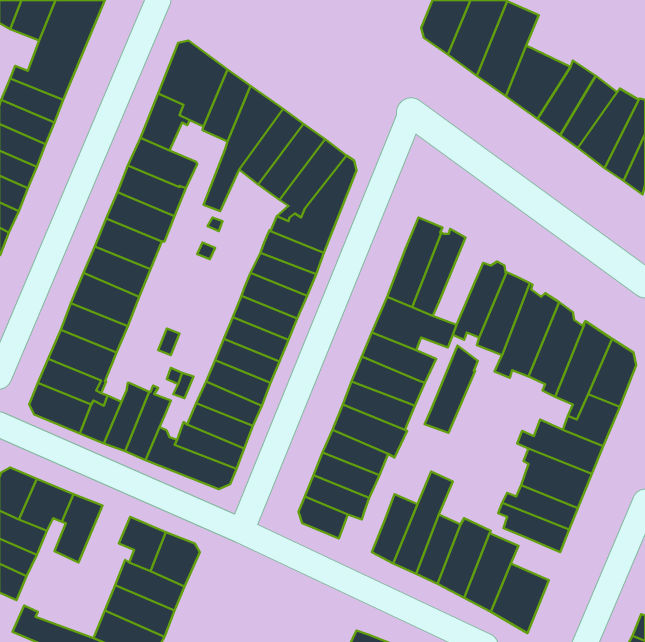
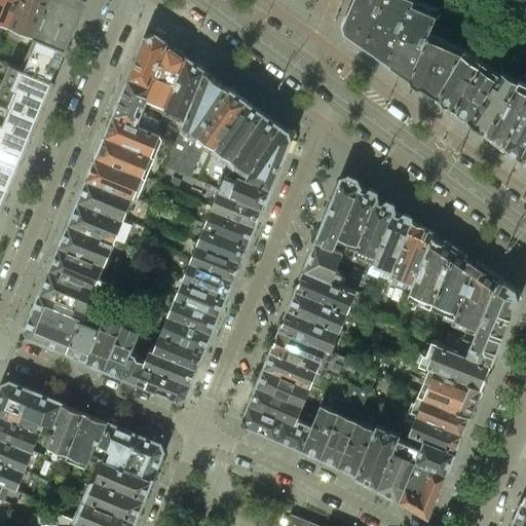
building: [425,346,478,433] -> [351,196,394,267]
building: none -> [64,414,106,468]
building: none -> [275,419,312,452]
building: none -> [415,439,455,475]

